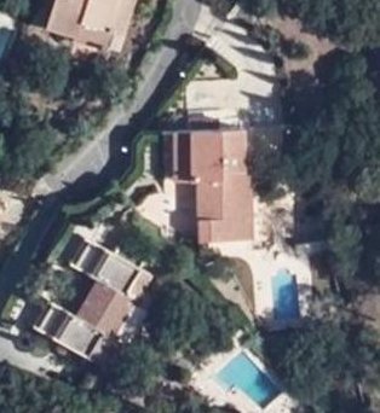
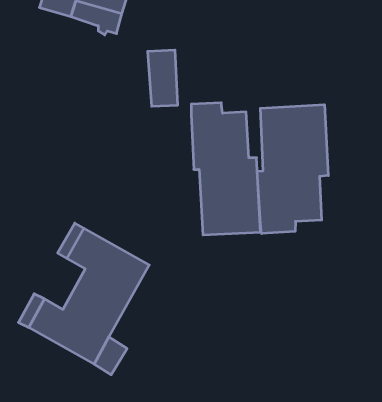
building: none -> [257,105,328,234]
building: [162,133,190,185] -> [148,50,178,106]

